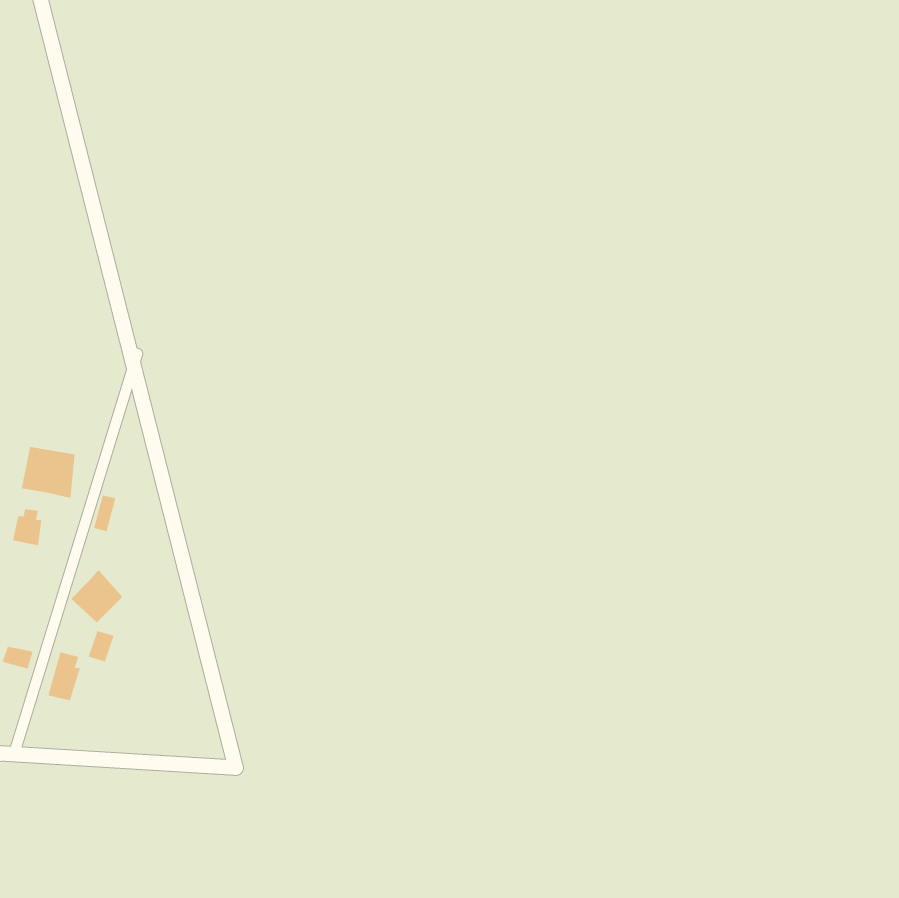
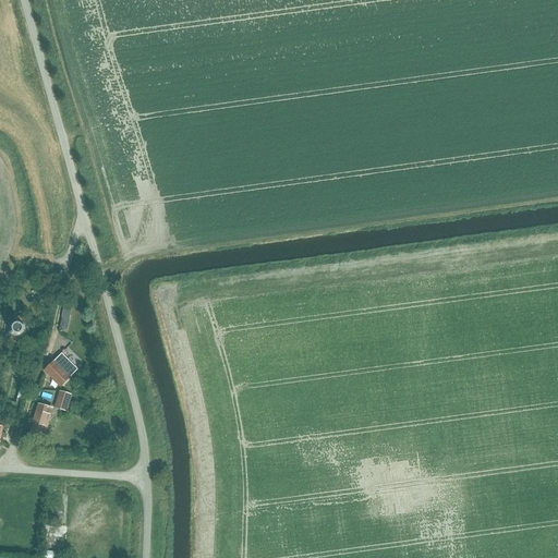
building: [21,446,75,499] -> none

